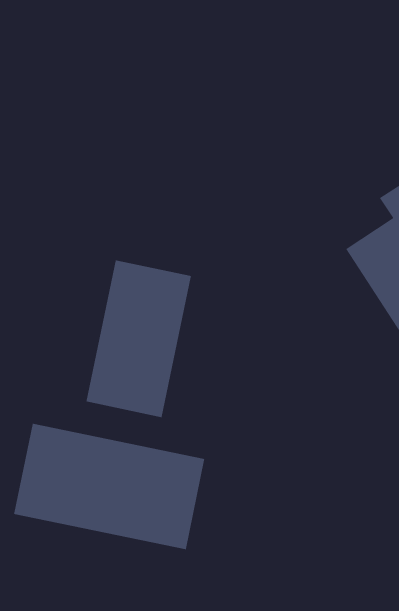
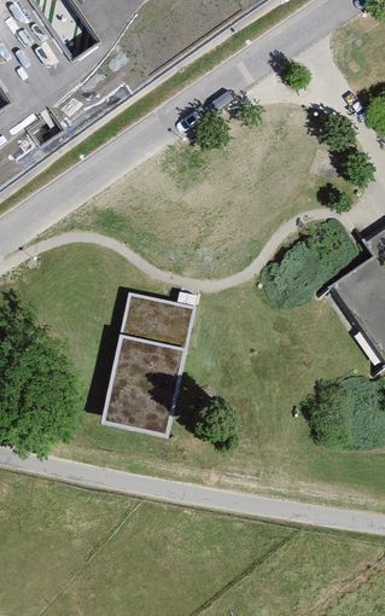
building: [13,423,205,550] -> none

